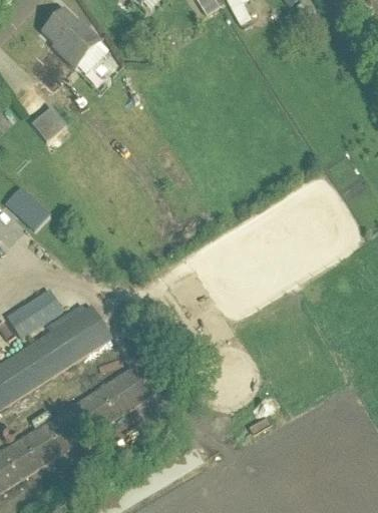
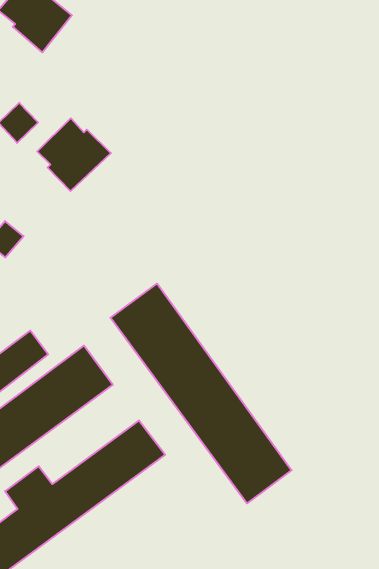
building: none -> [37,118,111,191]
building: none -> [110,284,292,503]

